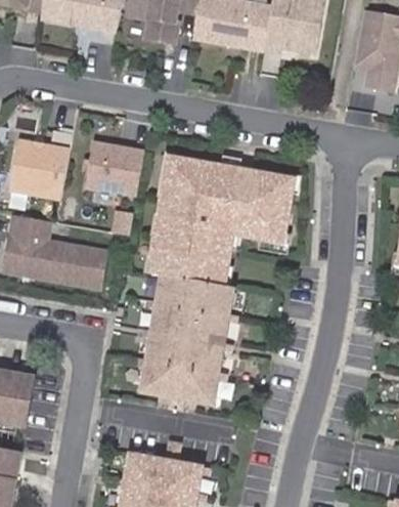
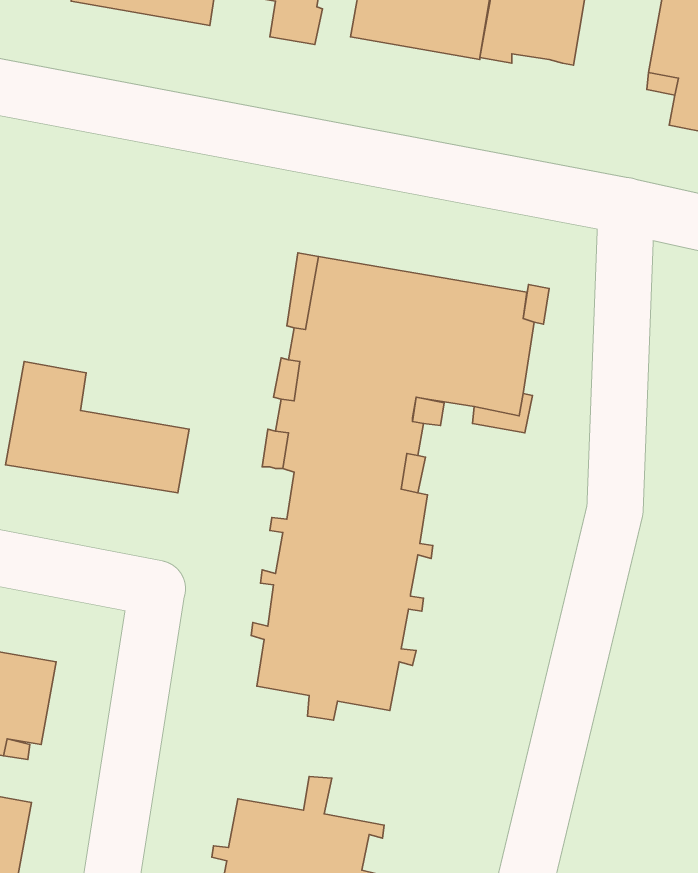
building: [10,139,71,200] -> none
building: [86,142,145,195] -> none

